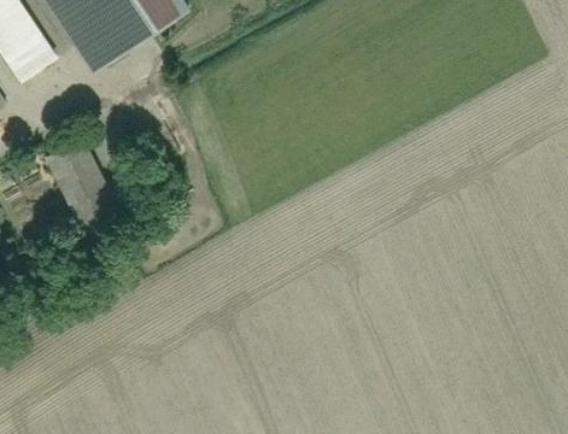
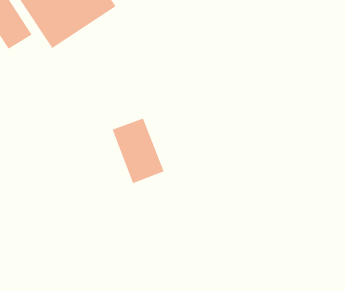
building: [41,133,117,228] -> [112,118,164,184]

